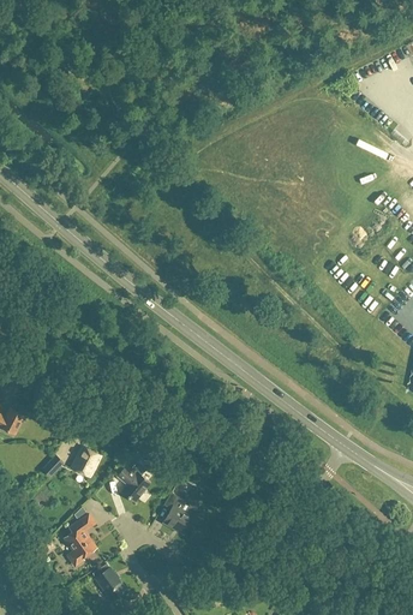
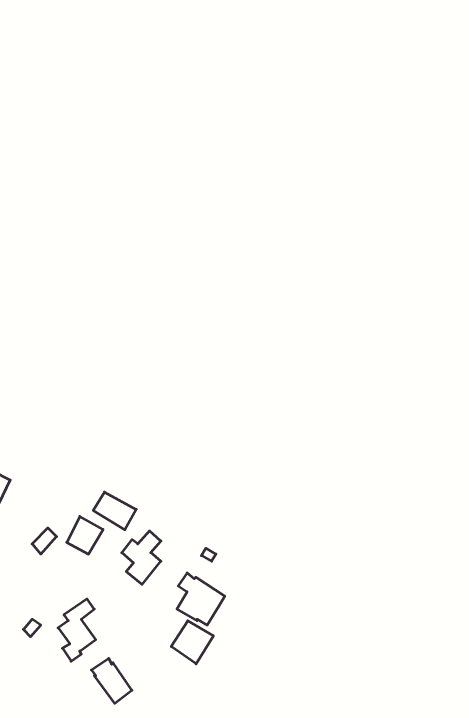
building: none -> [93,492,136,530]
building: none -> [171,621,213,664]

